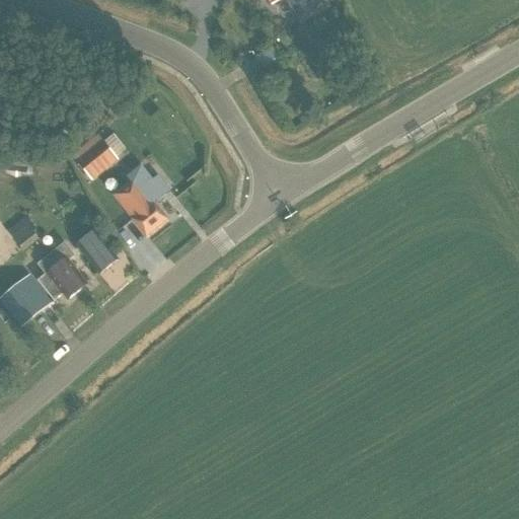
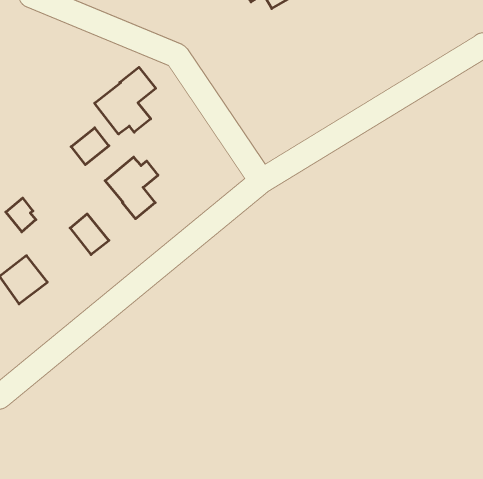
building: none -> [95,67,156,134]
building: [36,239,85,298] -> none

